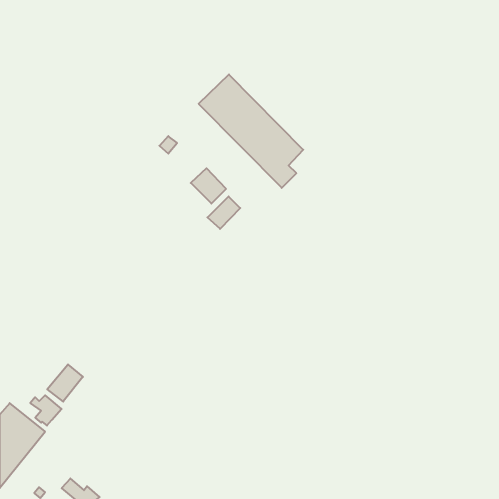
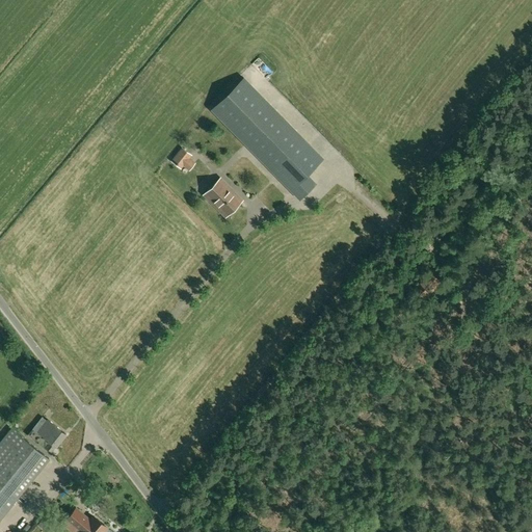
building: [207,196,240,229] -> none
building: [47,364,83,402] -> none

